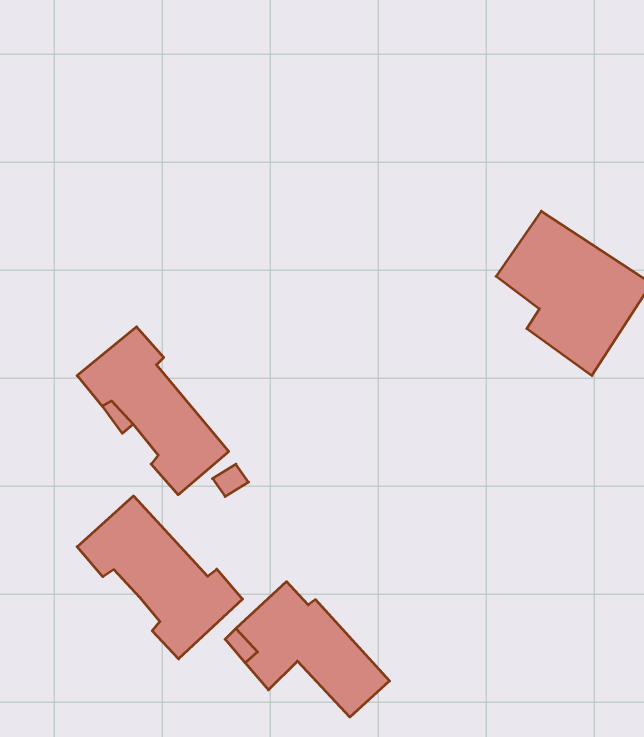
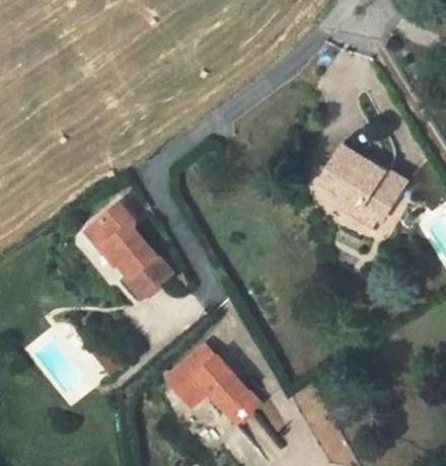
building: [77,496,243,659] -> none

